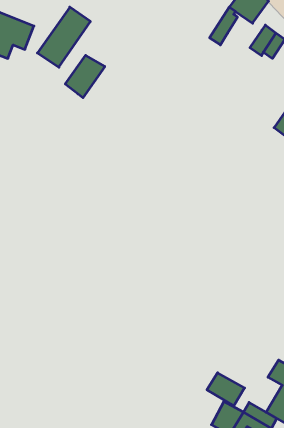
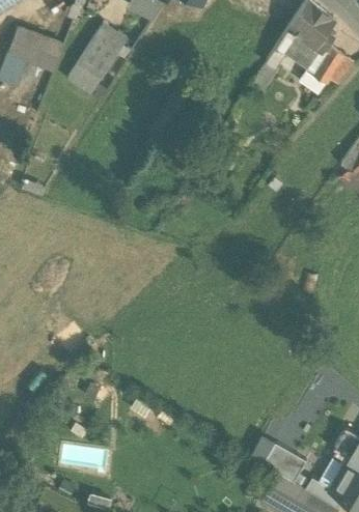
building: none -> [286,30,326,72]
building: [65,55,105,98] -> none

